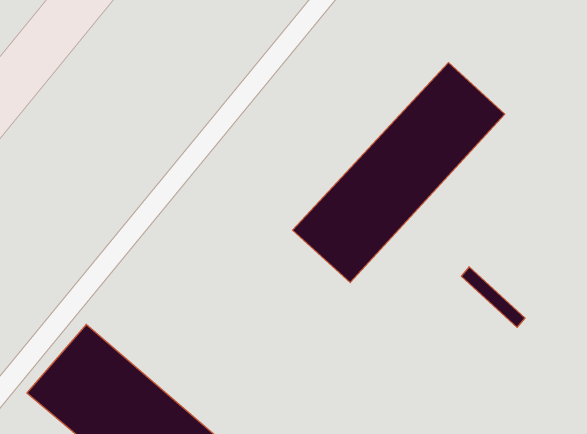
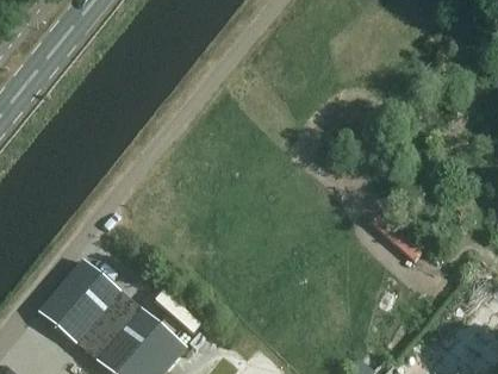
building: [293,63,505,283] -> none

